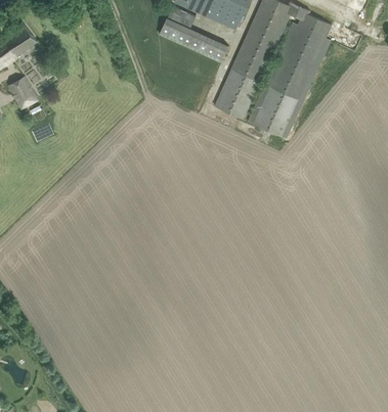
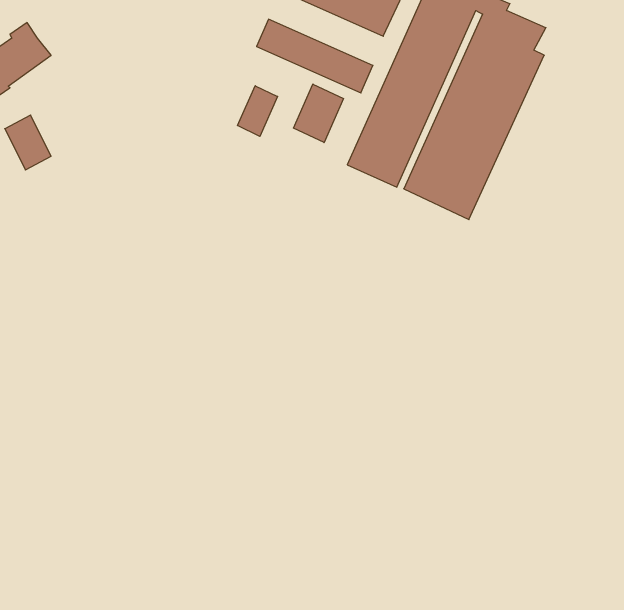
building: none -> [293,84,344,143]
building: none -> [238,86,278,136]

